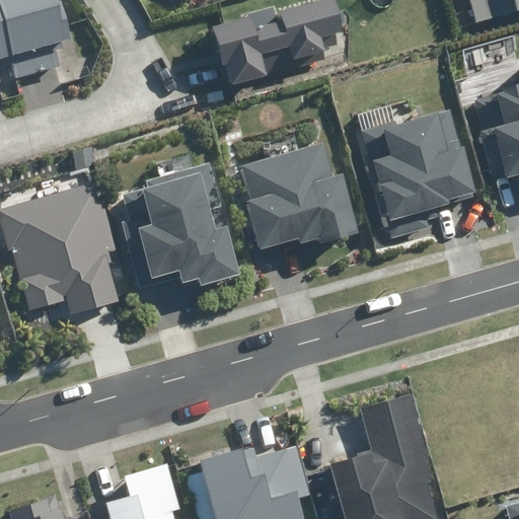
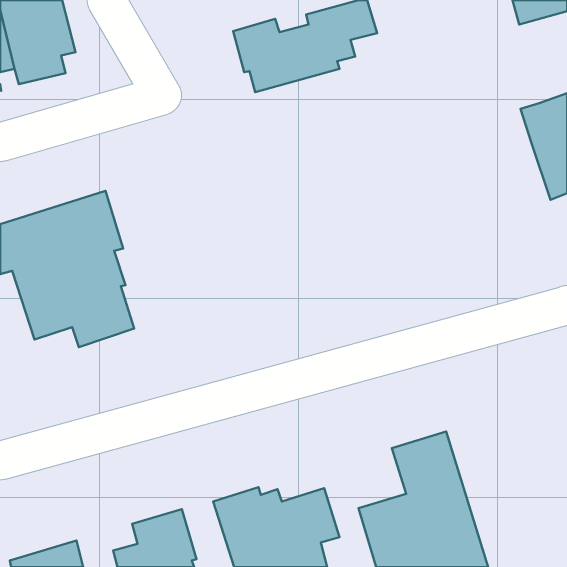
building: [364,107,477,225] -> none
building: [242,143,358,250] -> none
building: [114,161,245,290] -> none

